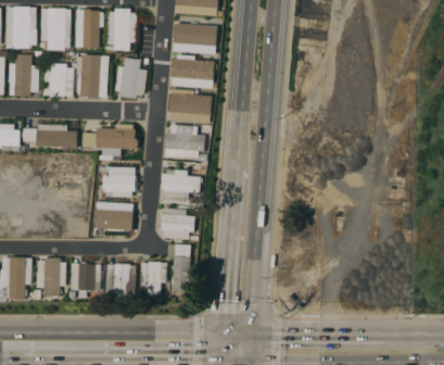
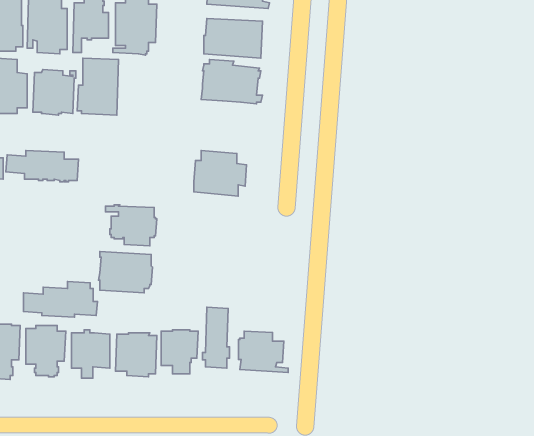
building: [115,58,149,100] -> none
building: [169,89,213,124] -> none
building: [83,124,139,151] -> [23,282,97,317]
building: [162,169,204,203] -> none
building: [162,209,200,240] -> [238,331,288,372]

